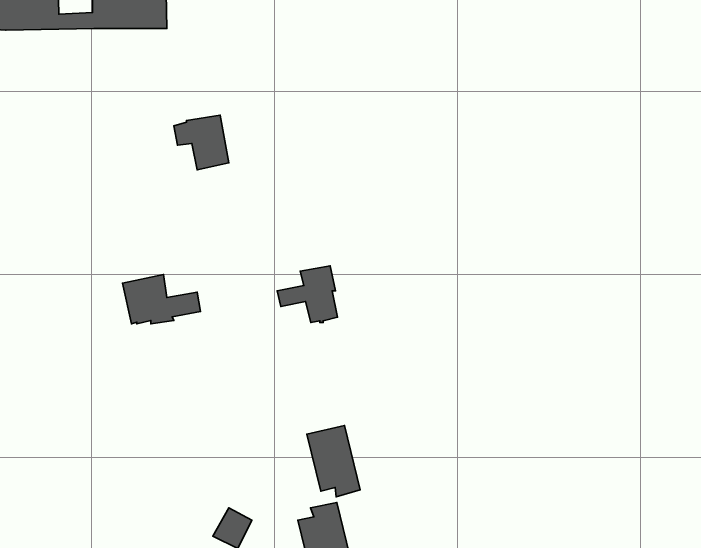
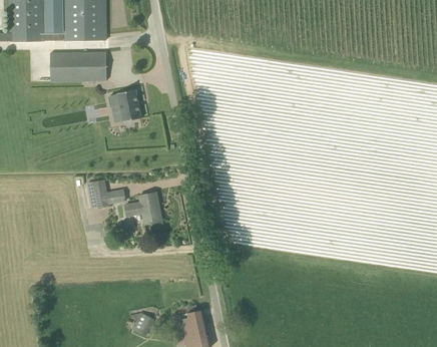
building: none -> [50,52,107,80]
building: [277,266,337,323] -> [126,192,160,224]
building: [307,426,360,497] -> none

